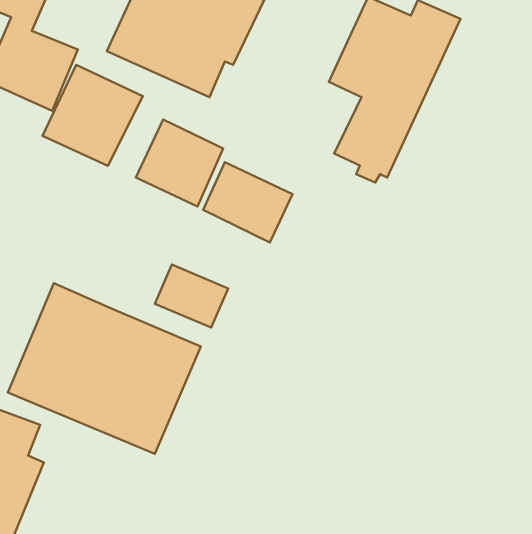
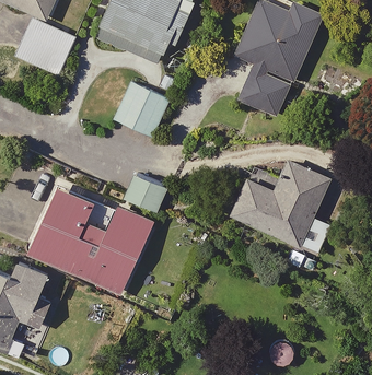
building: [42,65,143,166] -> none
building: [203,162,293,243] -> none
building: none -> [229,150,348,255]

